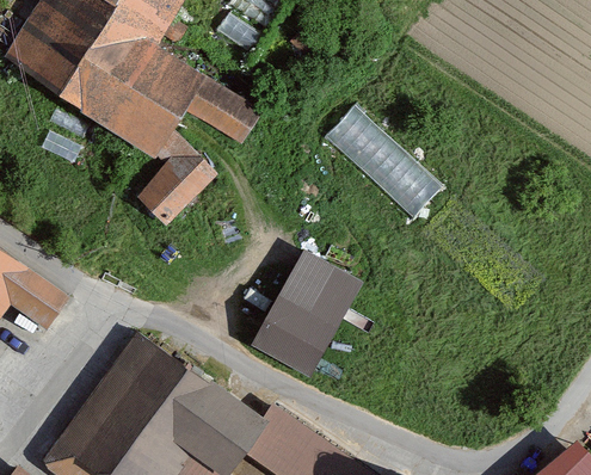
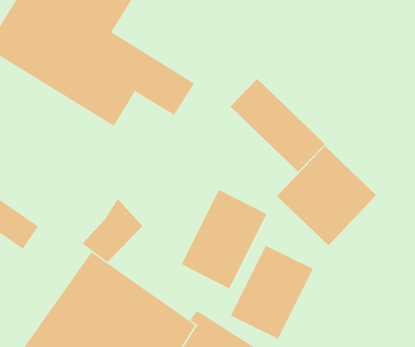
building: [136,137,216,222] -> [82,198,143,263]
building: none -> [276,145,377,246]
building: none -> [230,245,314,339]

